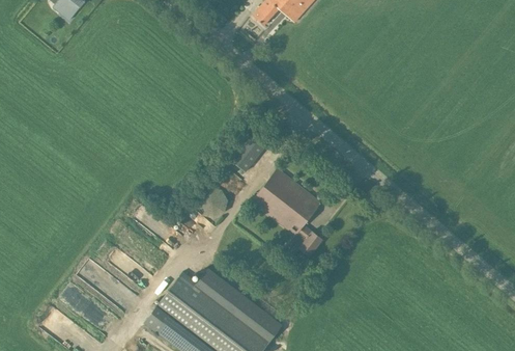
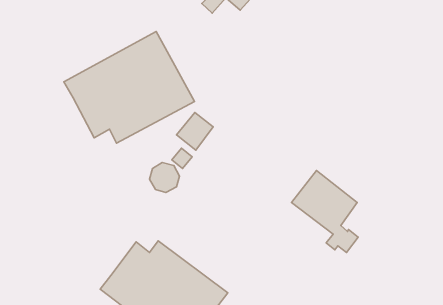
building: none -> [64,32,195,143]
building: [251,167,322,255] -> [292,171,358,253]

